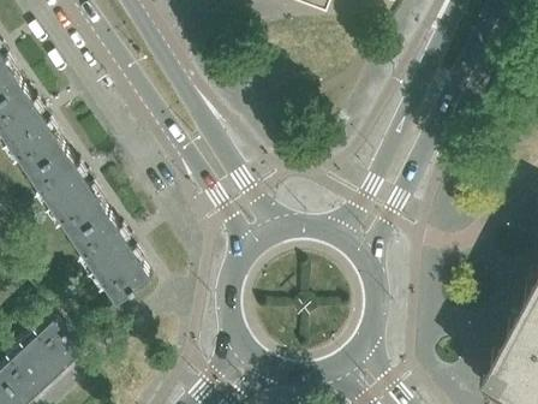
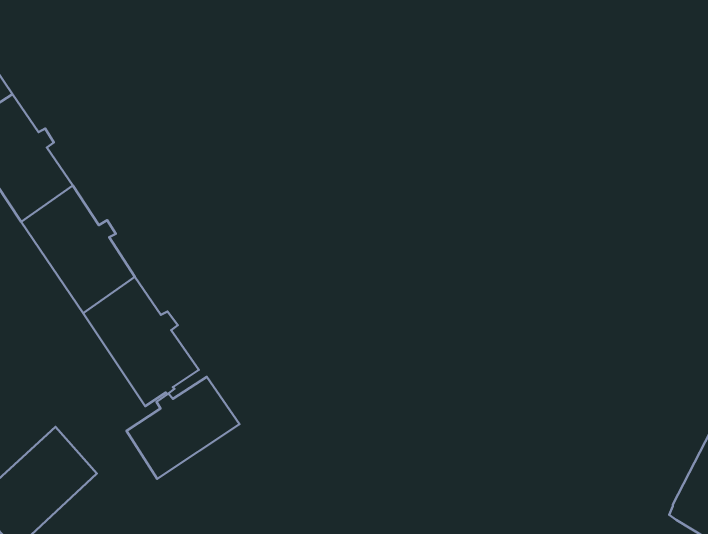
building: none -> [127,377,240,479]

